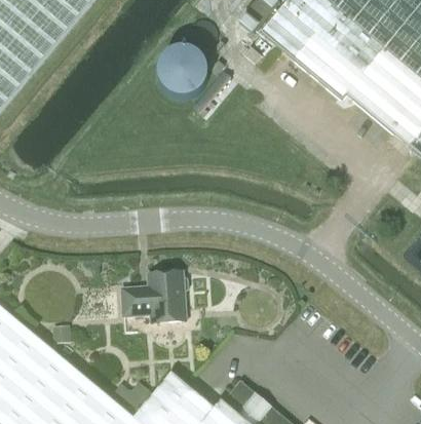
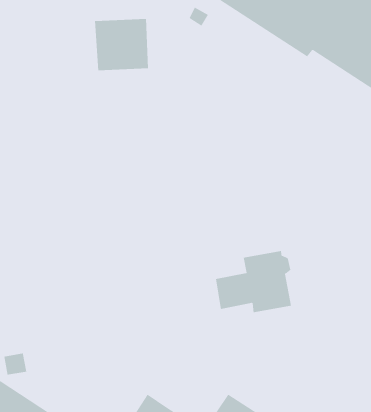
building: [122,273,188,323] -> [215,251,292,313]

